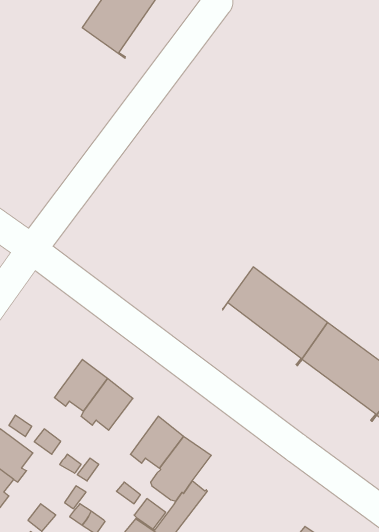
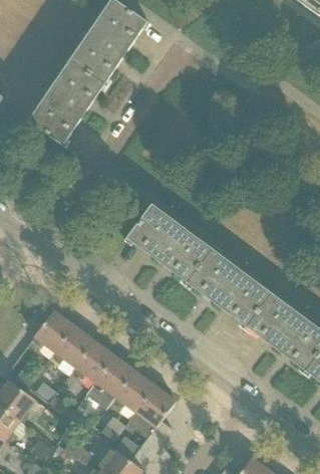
building: none -> [28,61,107,147]
building: none -> [124,205,209,284]
building: none -> [31,309,73,350]
building: none -> [85,356,133,408]

